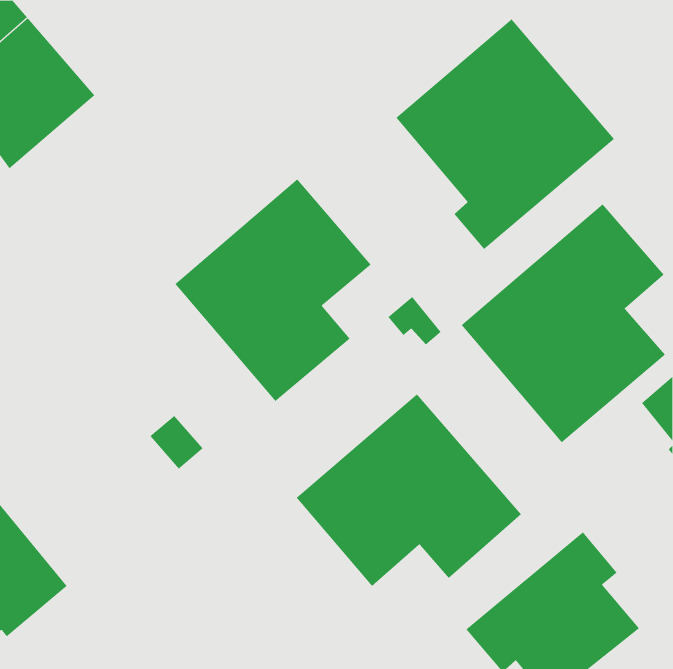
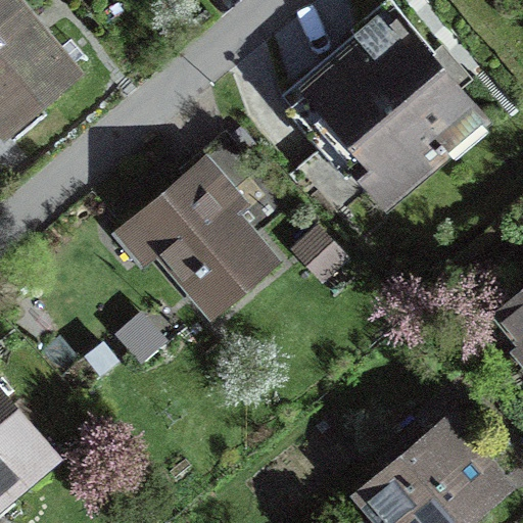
building: [461,204,666,443] -> none
building: [296,393,522,587] -> none

